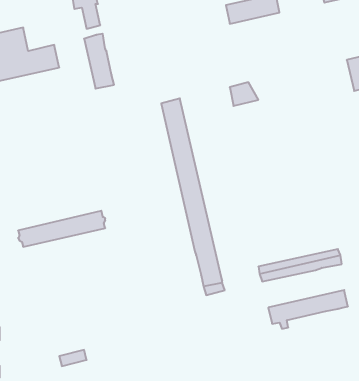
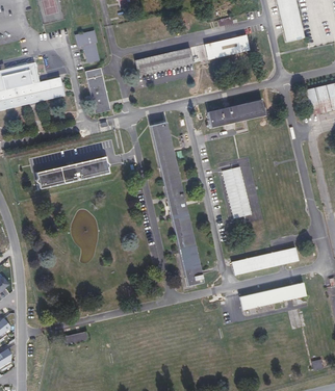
building: none -> [134,47,192,75]
building: none -> [224,99,264,122]
building: none -> [222,165,251,217]
building: [18,211,105,247] -> [35,156,108,186]

